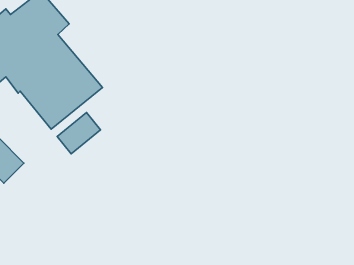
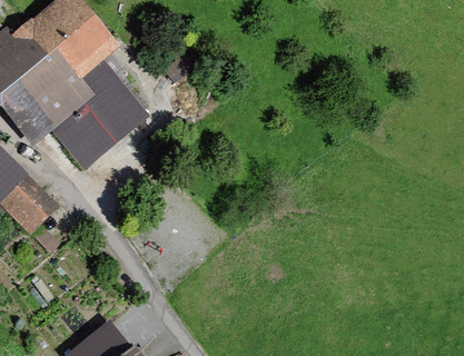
building: [57,112,101,154] -> none

